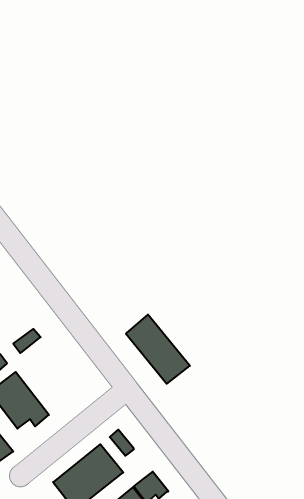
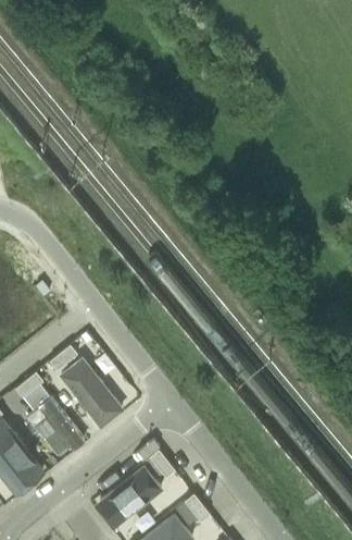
building: [126,315,190,384] -> [58,358,124,430]

